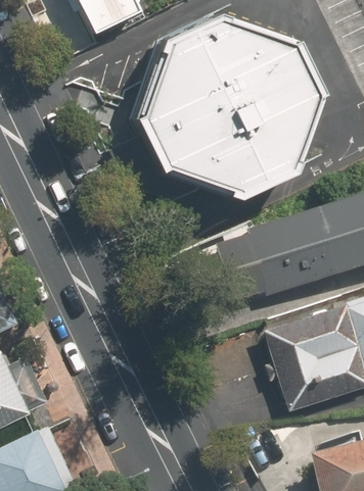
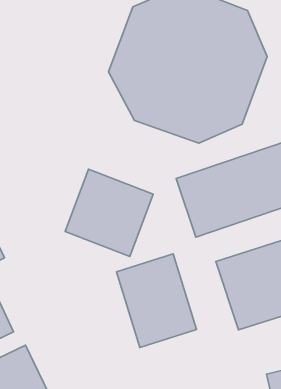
building: none -> [65,169,153,257]
building: none -> [116,254,197,347]

